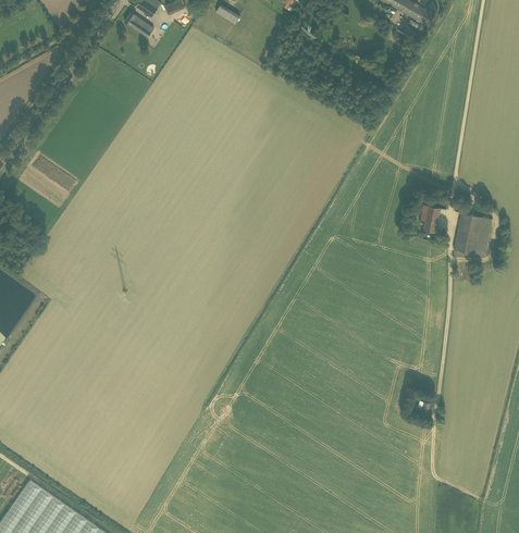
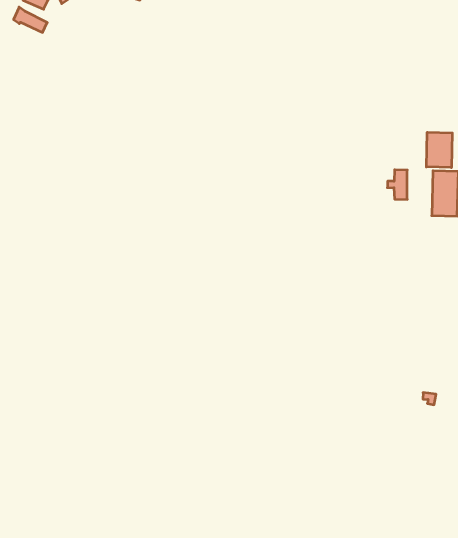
building: none -> [426,132,452,168]

